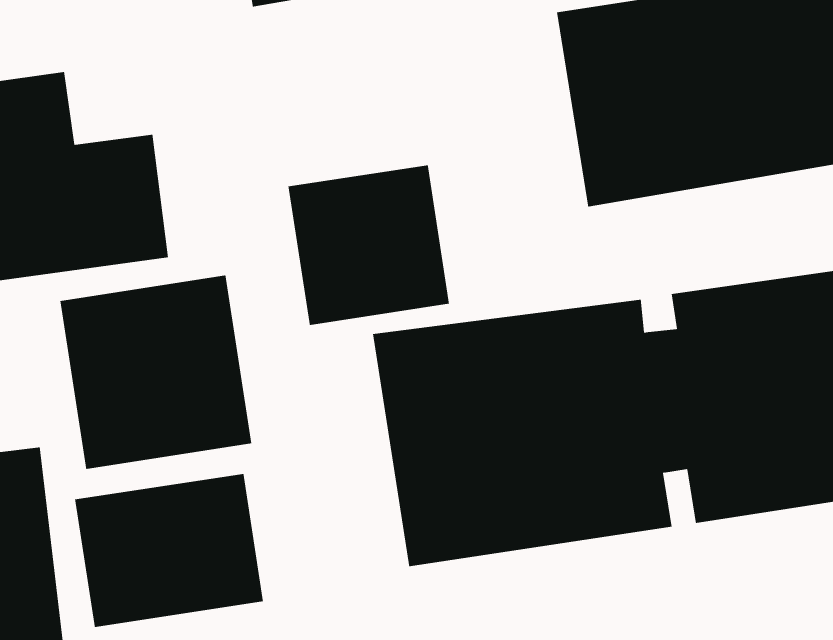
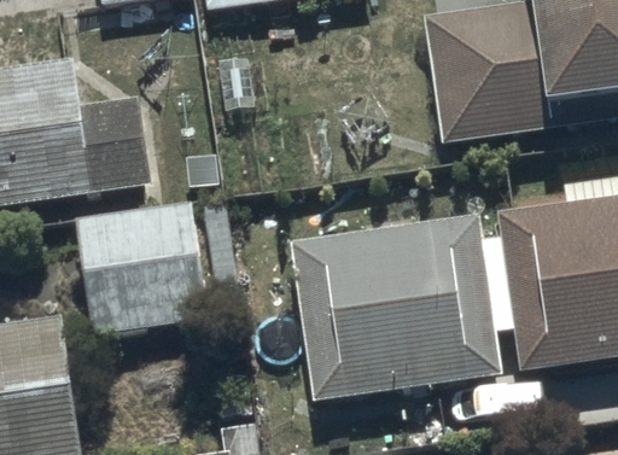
building: [288,165,450,326] -> none
building: [75,473,264,628] -> none

